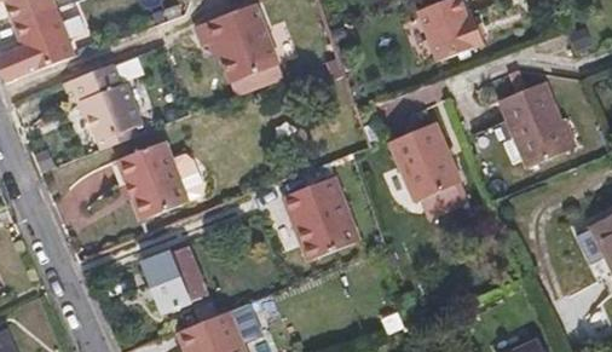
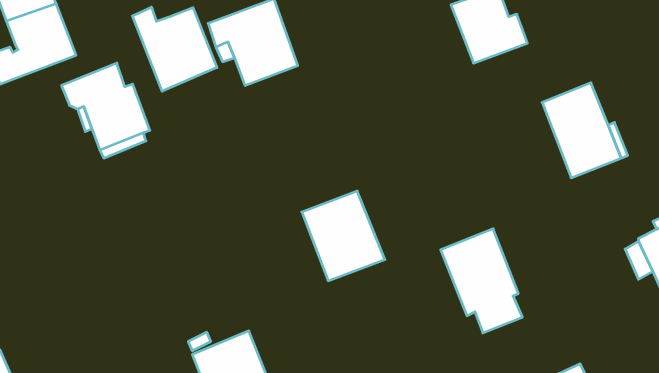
building: none -> [132,7,217,91]
building: [386,123,461,219] -> [441,229,522,333]
building: [116,140,187,220] -> none
building: [144,246,209,311] -> none

